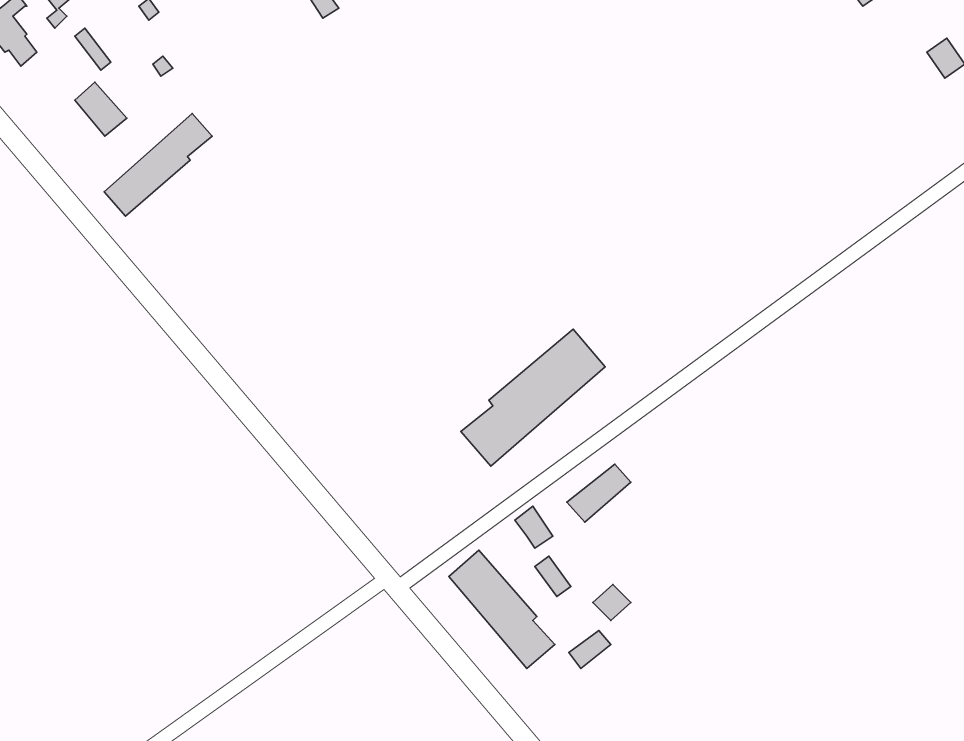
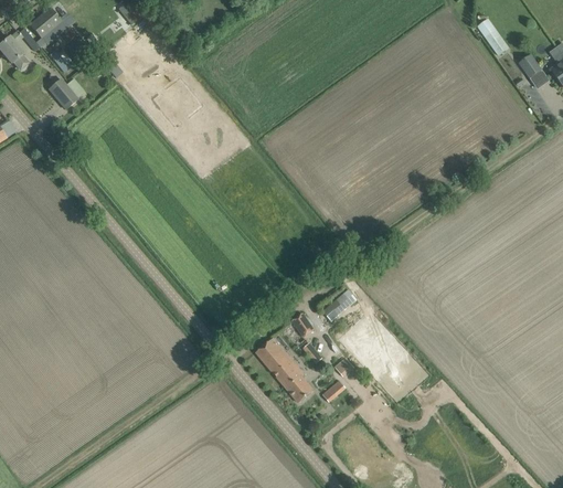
building: [104,114,212,216] -> none
building: [461,329,605,466] -> none

